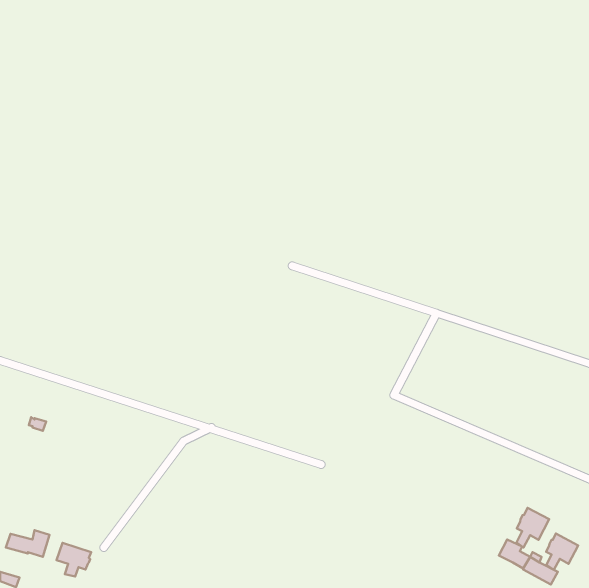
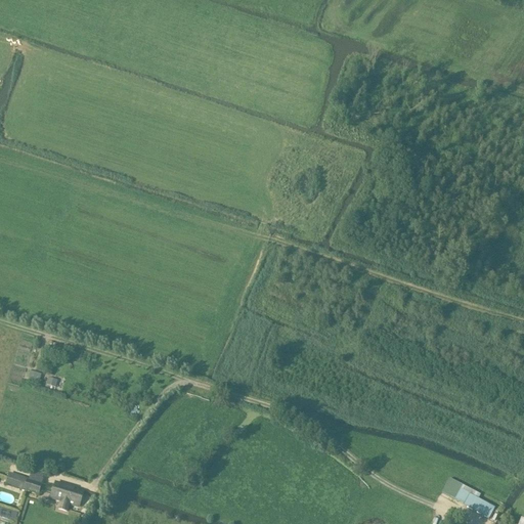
building: [517,508,549,548] -> none
building: [546,533,578,570] -> none

